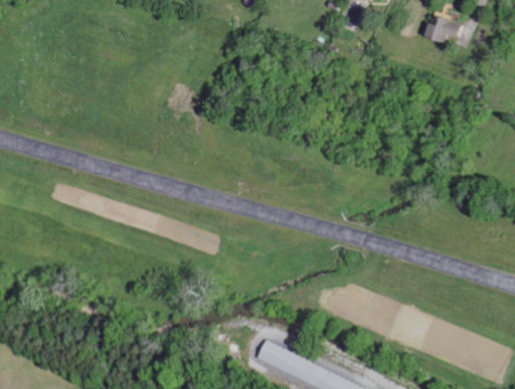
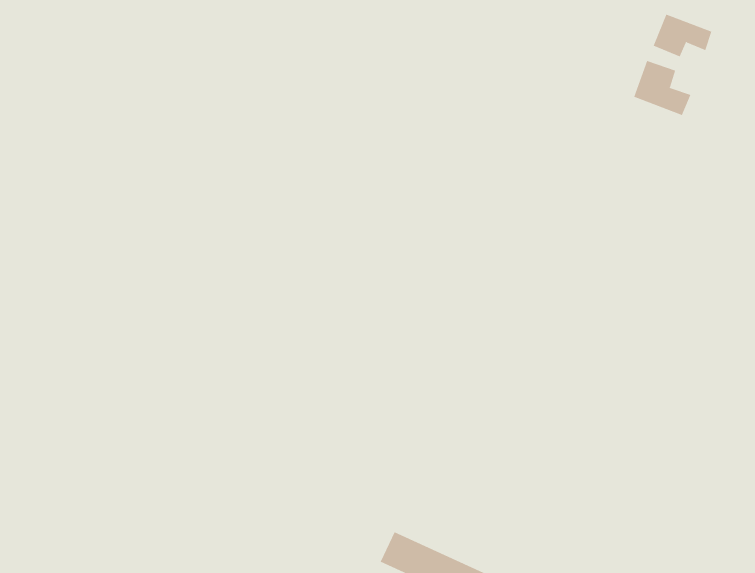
building: none -> [633,60,691,116]

